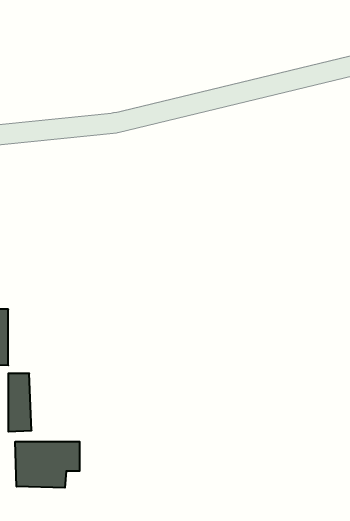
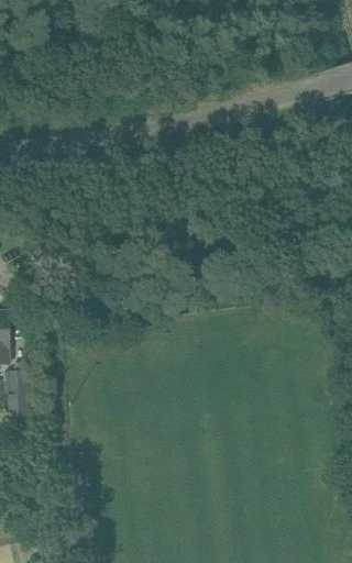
building: [15,442,80,488] -> none

